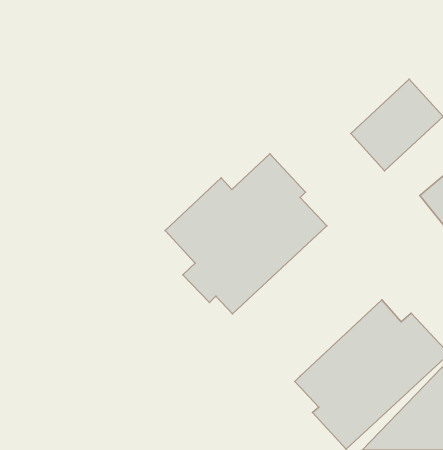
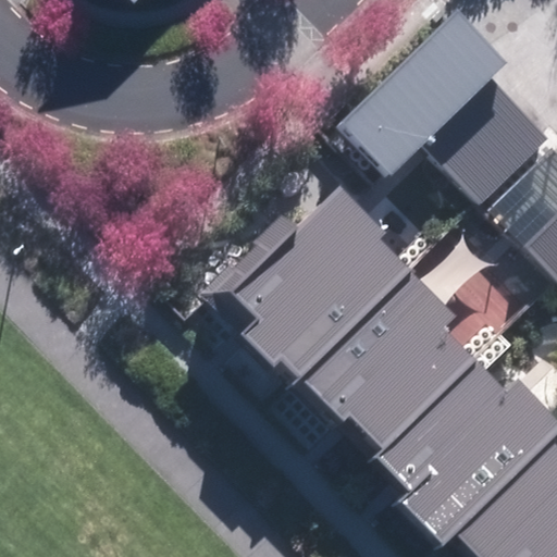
building: none -> [338,11,510,182]
building: none -> [298,276,481,460]

